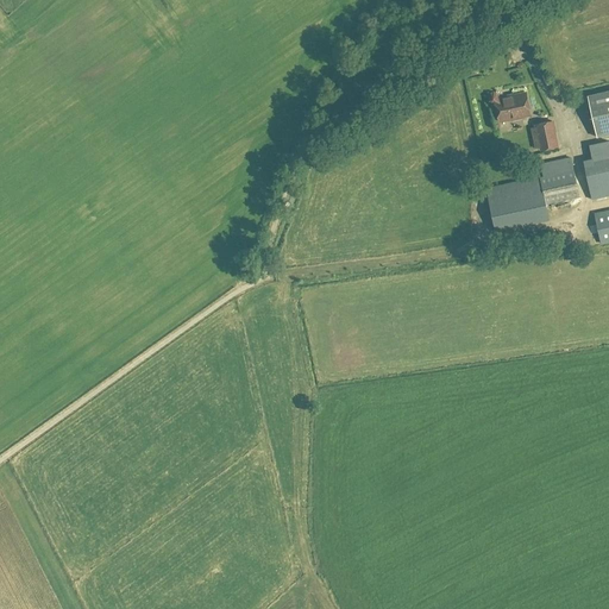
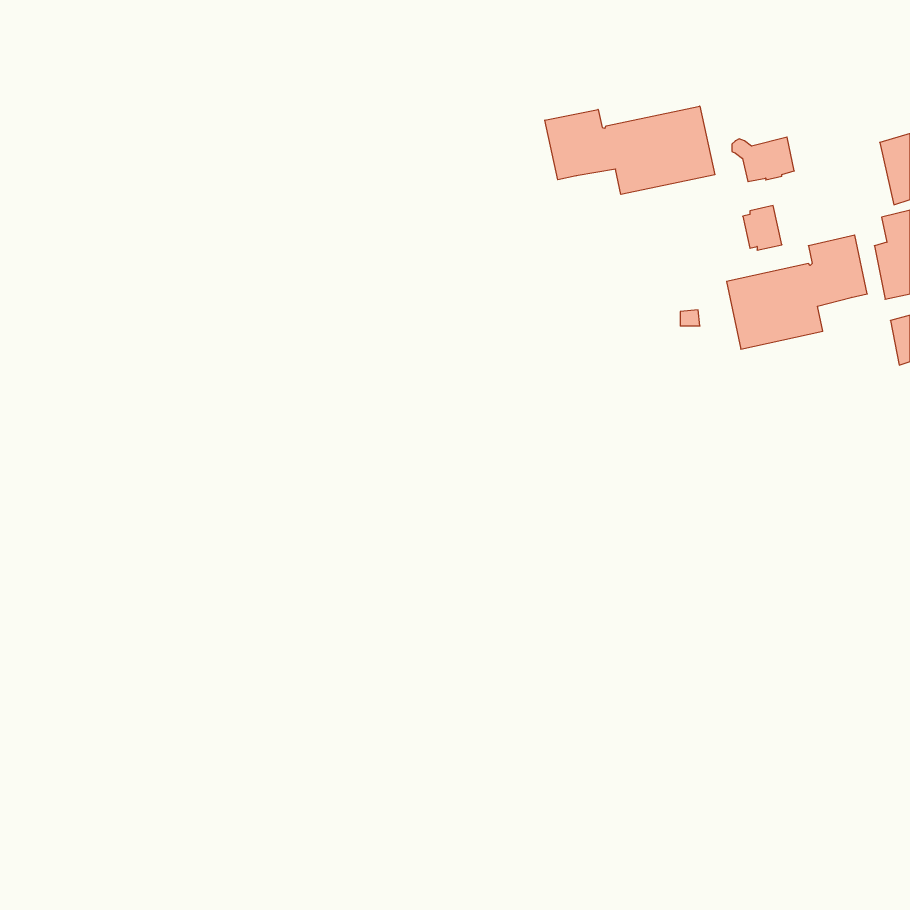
building: none -> [545,106,715,194]
building: [532,120,558,150] -> [743,206,782,250]

